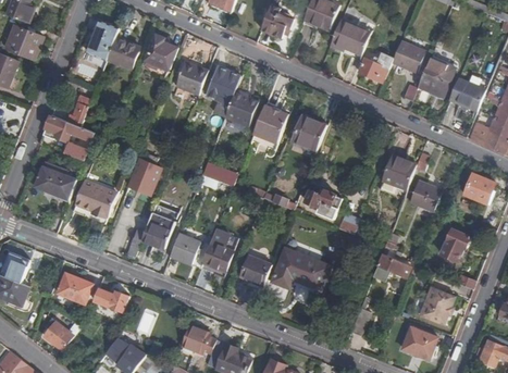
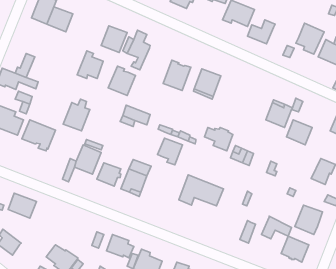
building: [144,34,176,69] -> [77,51,103,78]
building: [392,41,432,76] -> none
building: [223,89,258,126] -> [108,66,136,95]
building: [371,252,409,281] -> [261,216,292,239]
building: [239,256,271,289] -> [157,138,182,165]
building: [92,275,128,311] -> none

